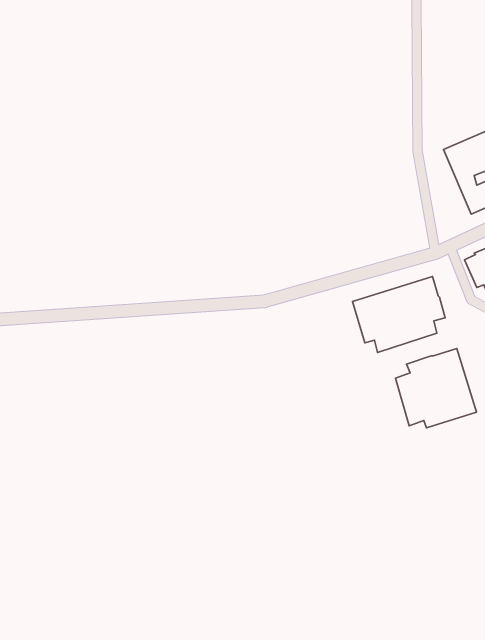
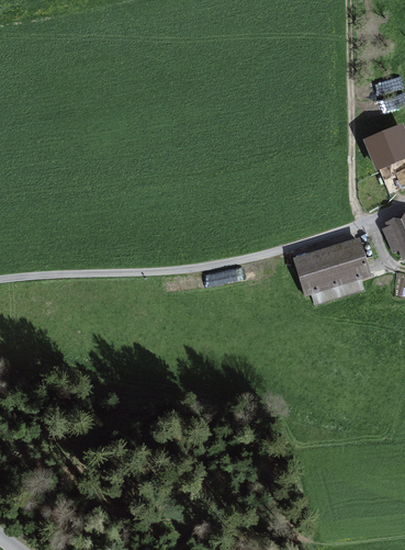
building: [396,348,477,428] -> none

